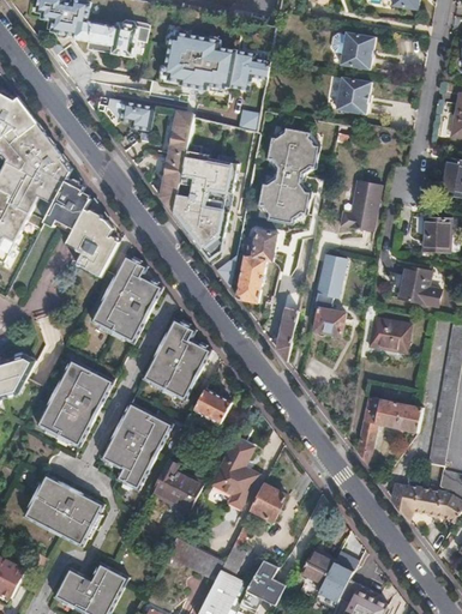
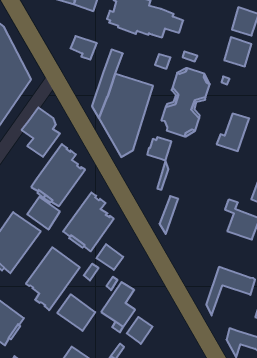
building: [43,179,90,229] -> none
building: [235,254,265,302] -> none
building: [318,254,347,299] -> none
building: [313,303,343,335] -> none
building: none -> [27,197,60,230]

